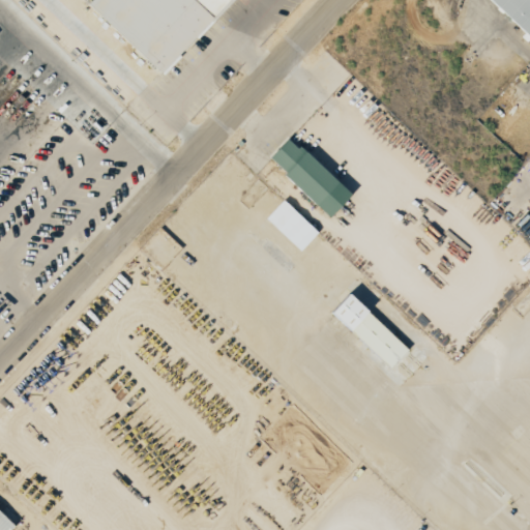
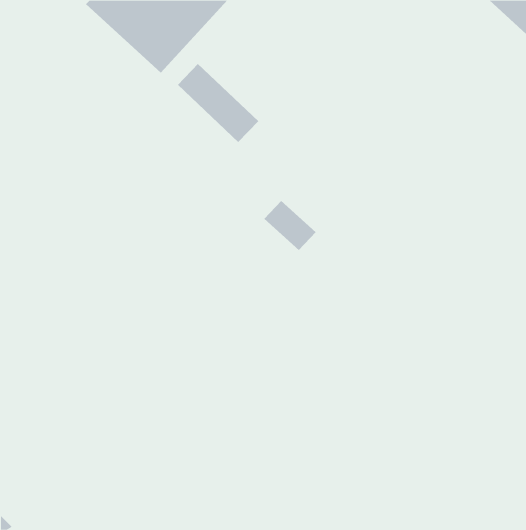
building: [269,137,351,216] -> [177,63,259,143]
building: [331,293,410,369] -> none

